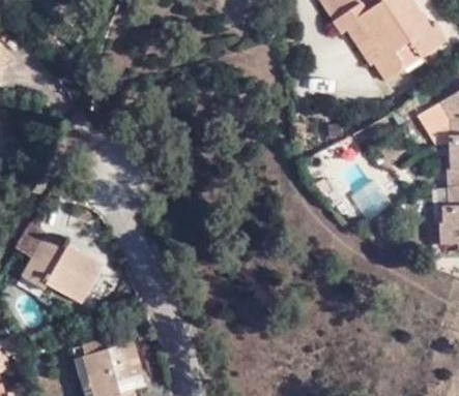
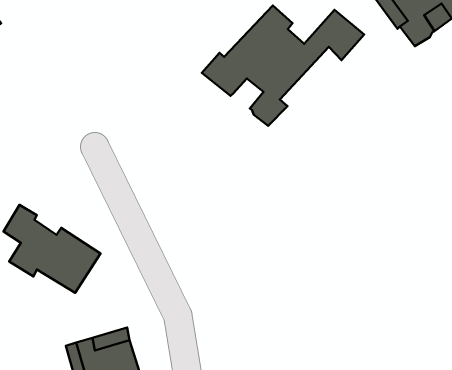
building: none -> [202,6,364,126]

